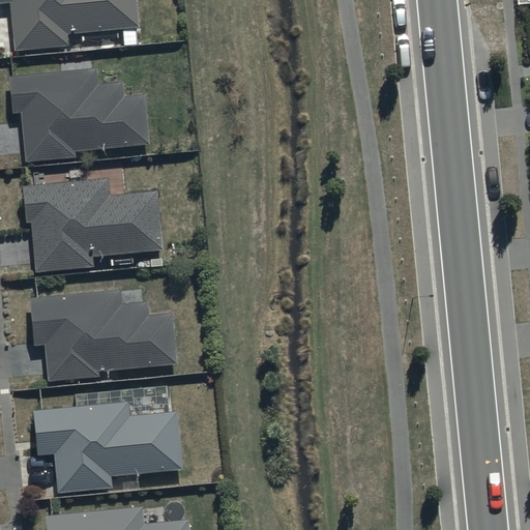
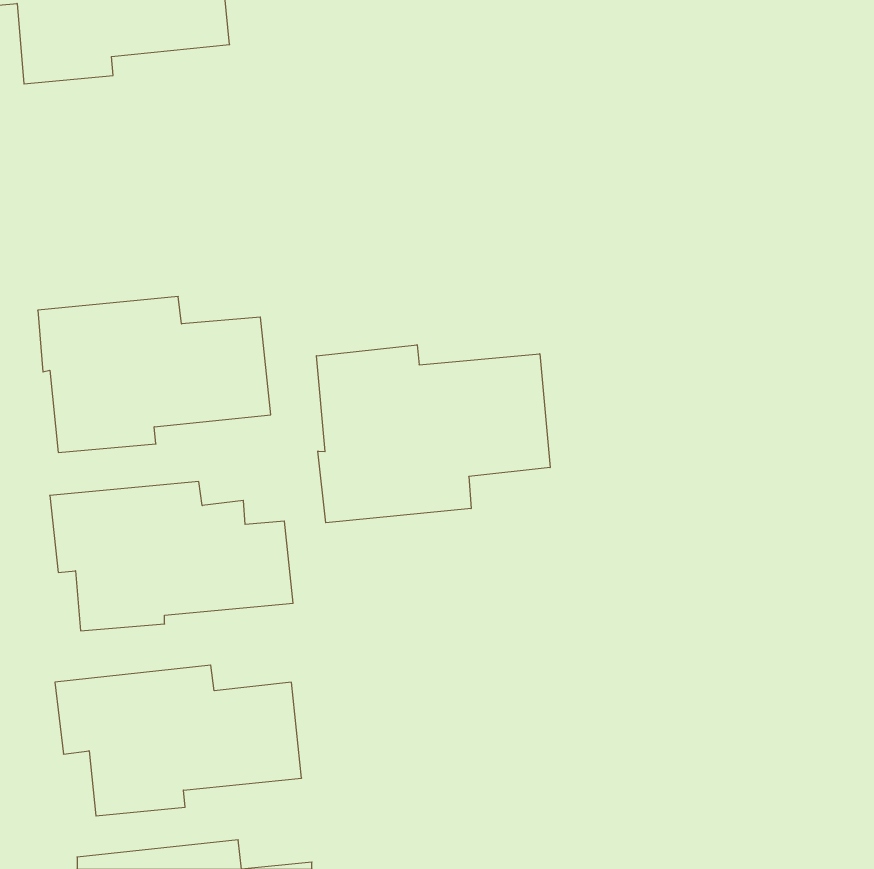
building: [9,68,149,161] -> none
building: none -> [316,345,550,523]

